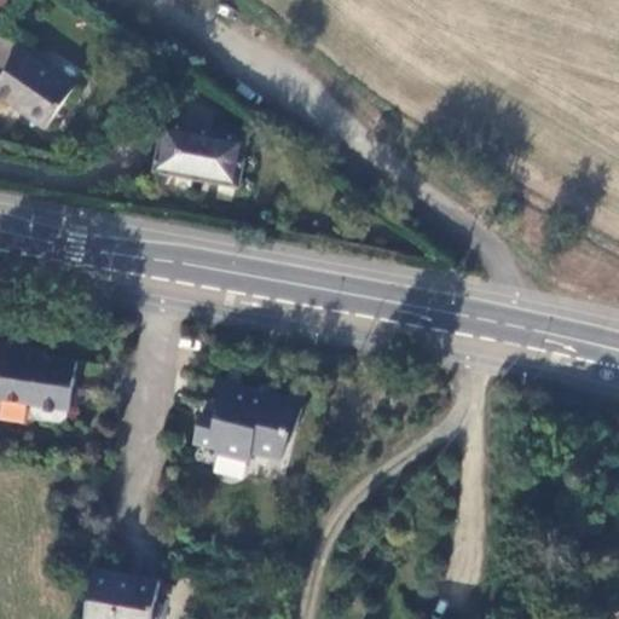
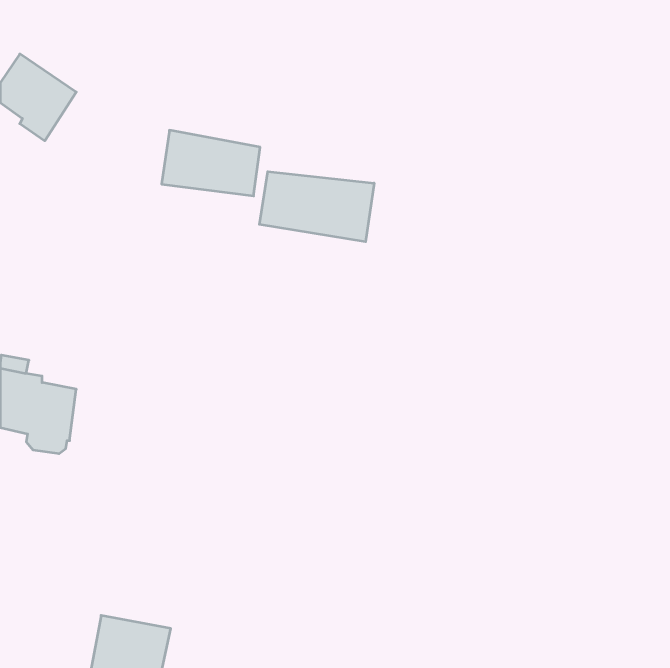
building: none -> [259,172,374,242]
building: [190,383,297,461] -> none

